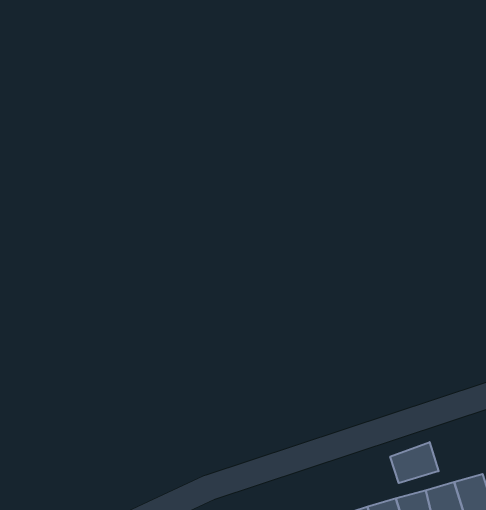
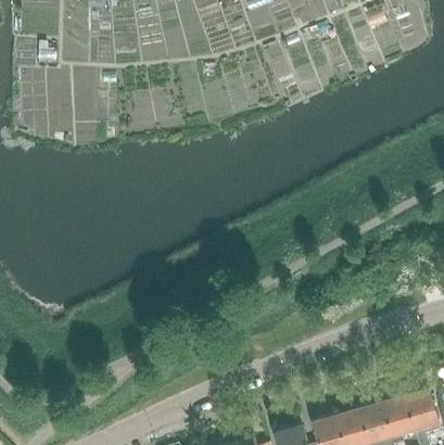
building: [390,442,439,483] -> none

